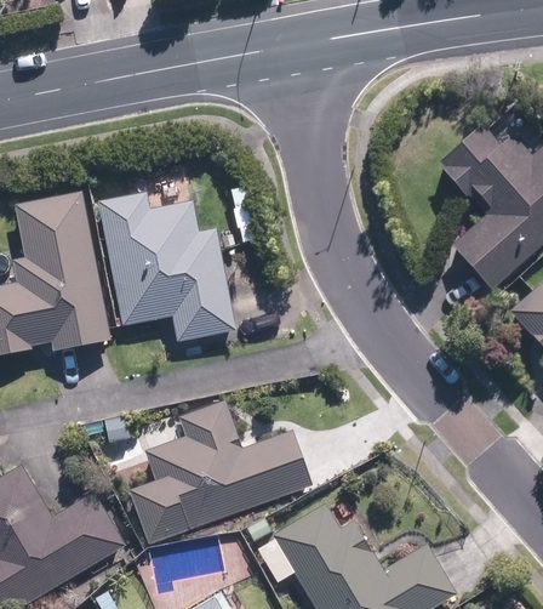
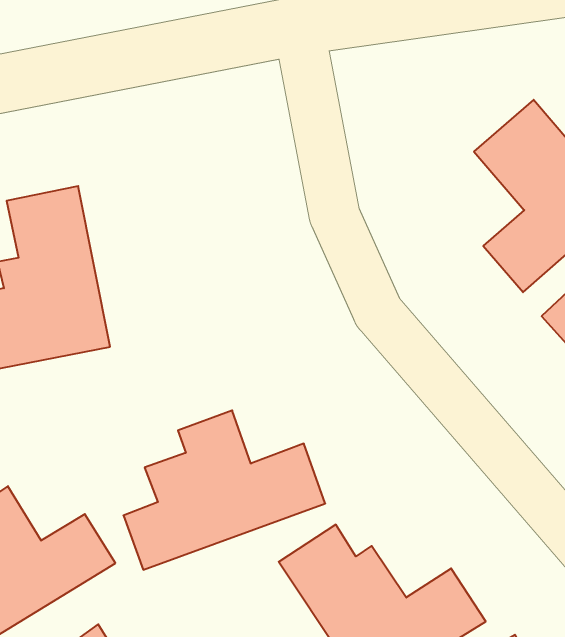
building: [101,193,239,346] -> none

